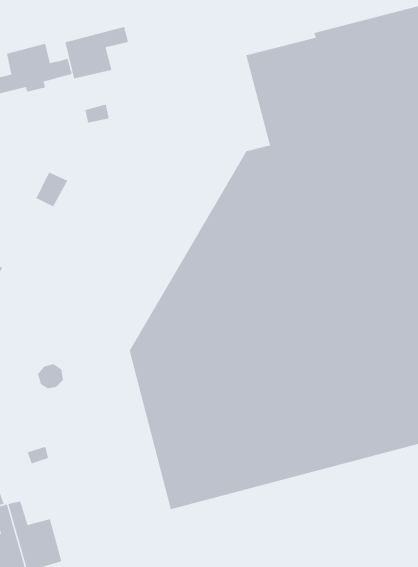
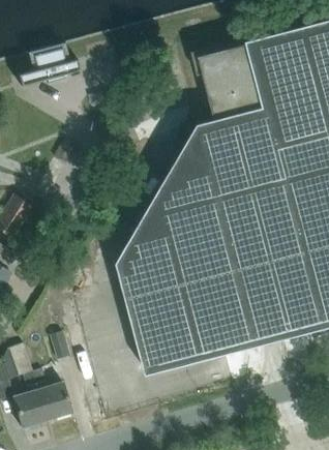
building: [65,26,128,79] -> none

